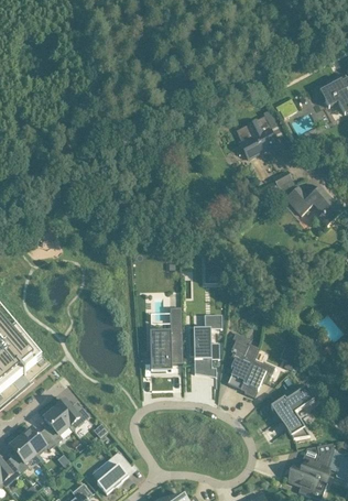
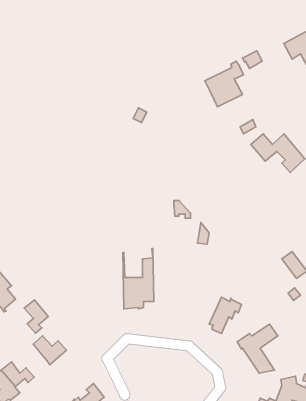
building: [188,314,221,373] -> none
building: [226,339,259,388] -> none
building: [43,409,68,444] -> [24,300,48,333]

